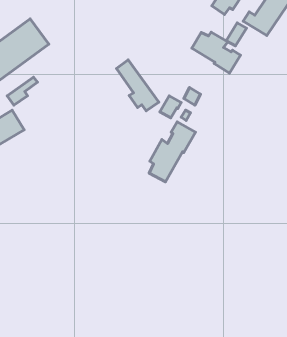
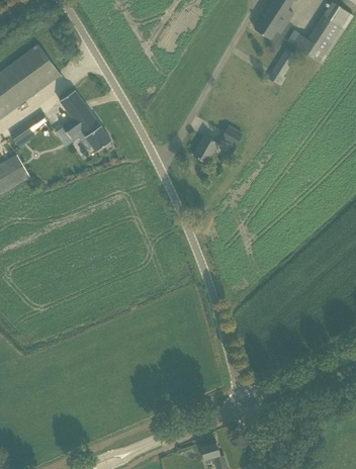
building: [192,32,240,73] -> none
building: [116,60,159,111] -> [60,91,110,152]
building: [149,122,196,182] -> none

